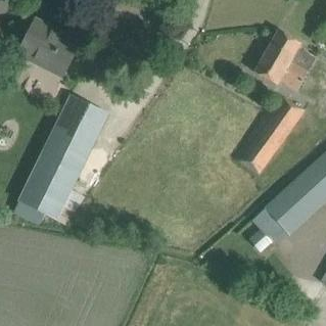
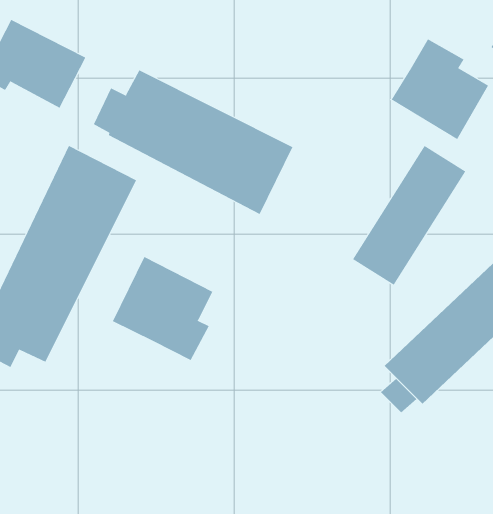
building: none -> [93,70,293,215]
building: none -> [112,256,213,361]

